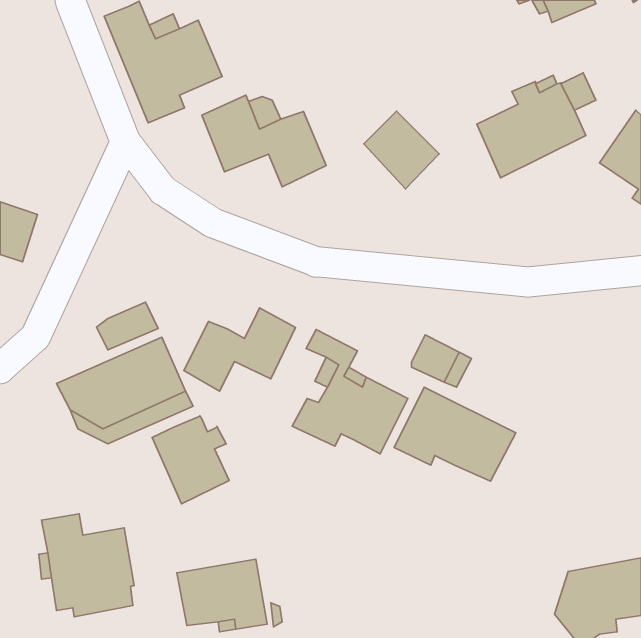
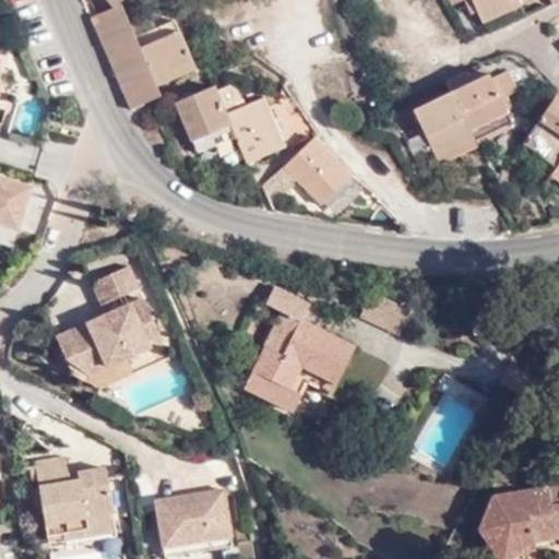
building: [364,111,439,189] -> [285,138,350,205]
building: [184,308,296,391] -> none
building: [394,387,516,481] -> none
building: [152,416,229,504] -> none
building: none -> [246,373,308,413]

